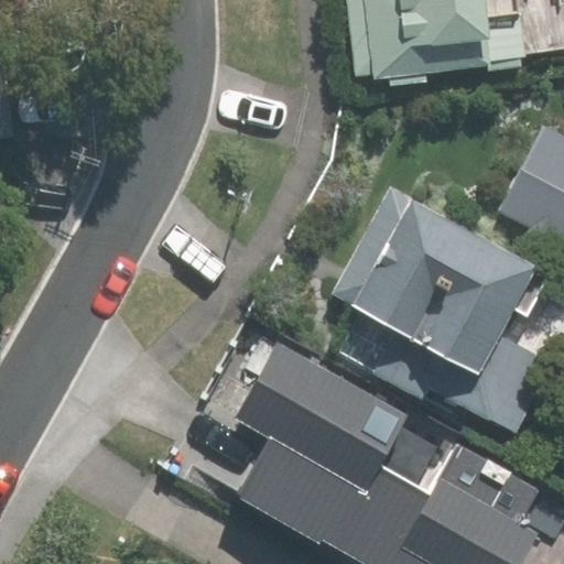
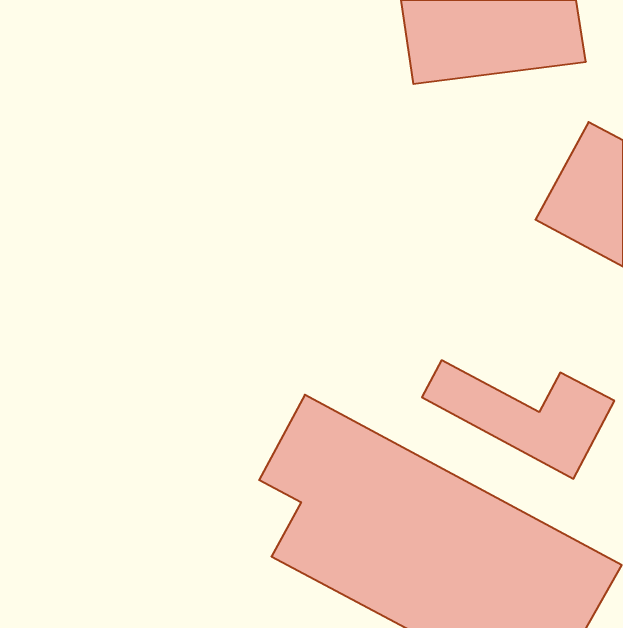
building: [356,195,539,370] -> none

